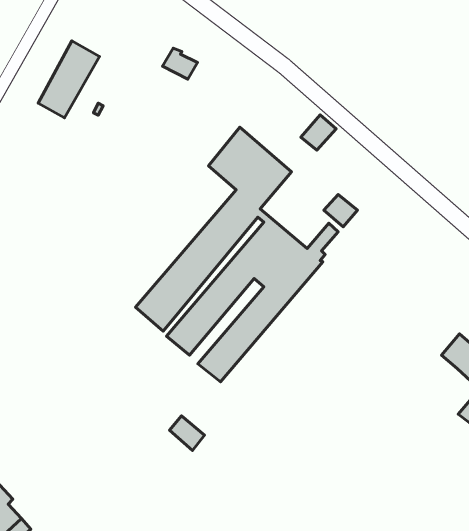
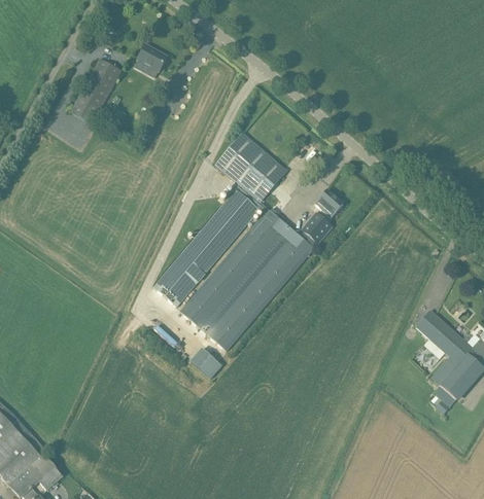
building: [163,48,197,79] -> [136,44,166,71]
building: [301,115,336,150] -> none
building: [170,416,204,451] -> [191,349,220,379]

